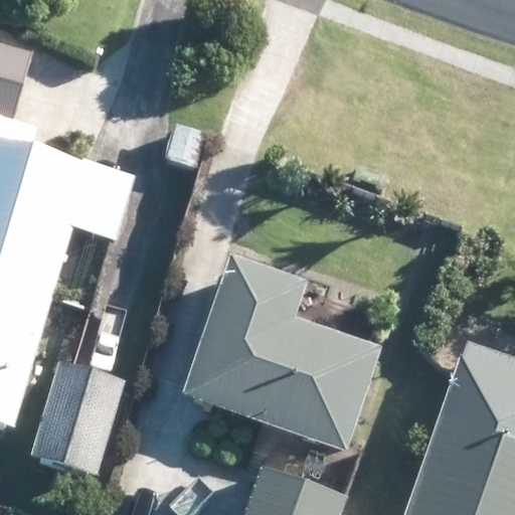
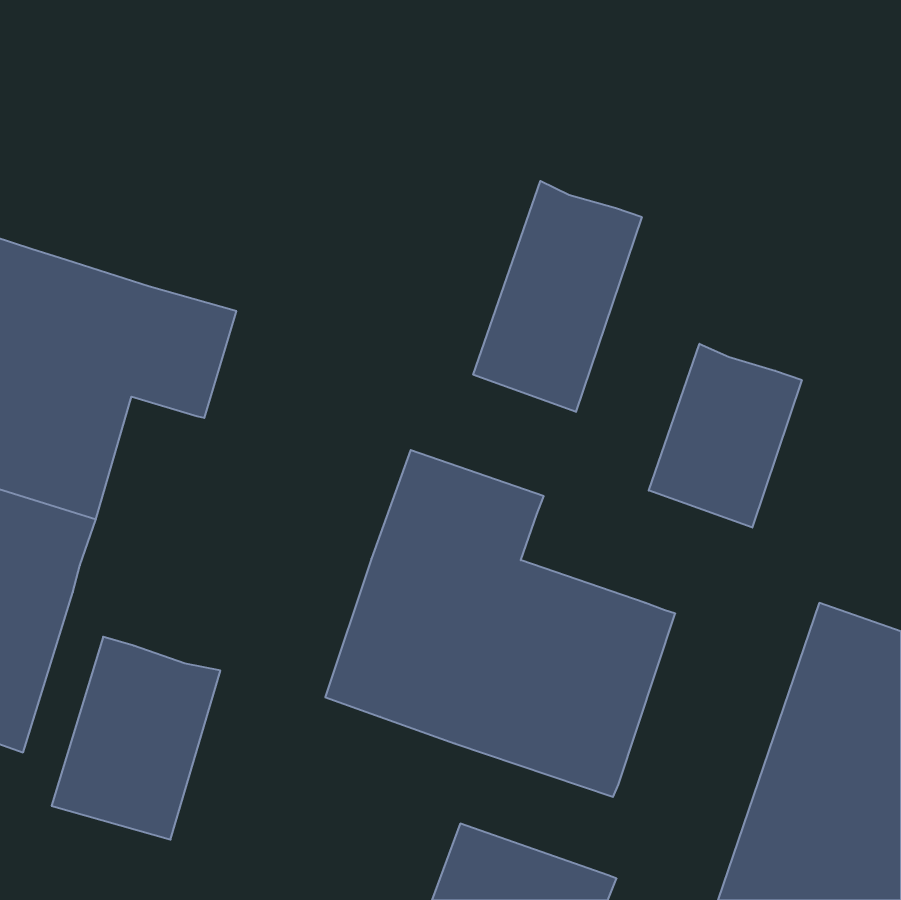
building: none -> [473,181,642,412]
building: none -> [649,344,802,528]

